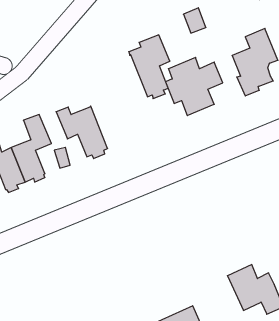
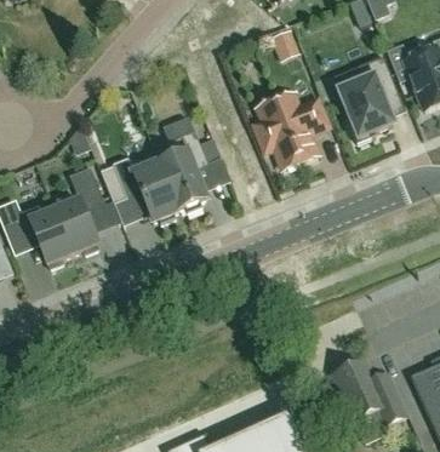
building: [129,35,170,99] -> [154,130,207,212]

